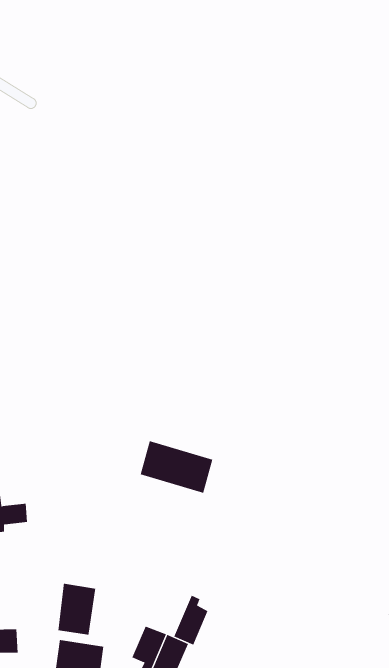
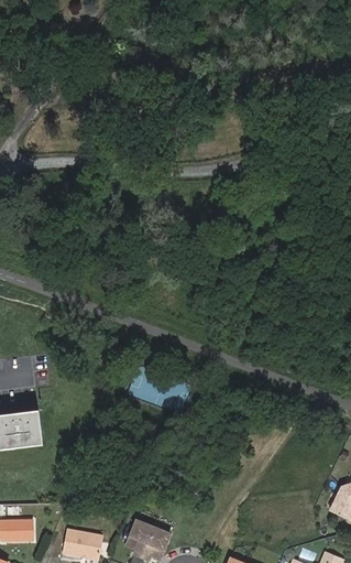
building: [58,583,96,636] -> none
building: [173,595,208,645] -> none

